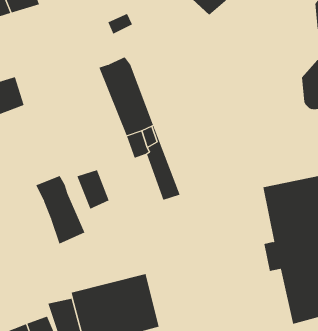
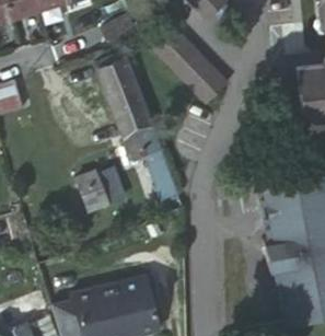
building: none -> [146,23,222,101]
building: [35,175,85,245] -> none

